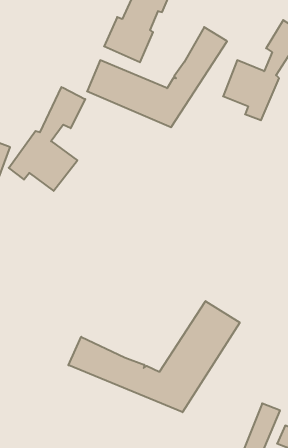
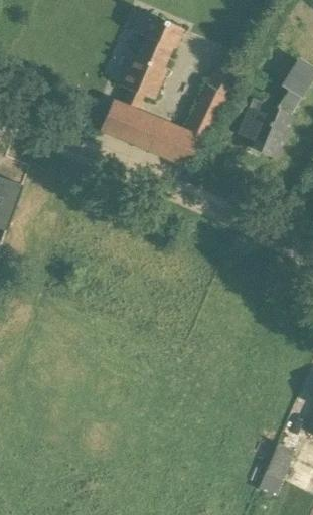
building: [9,87,85,191] -> none
building: [68,301,240,412] -> none

